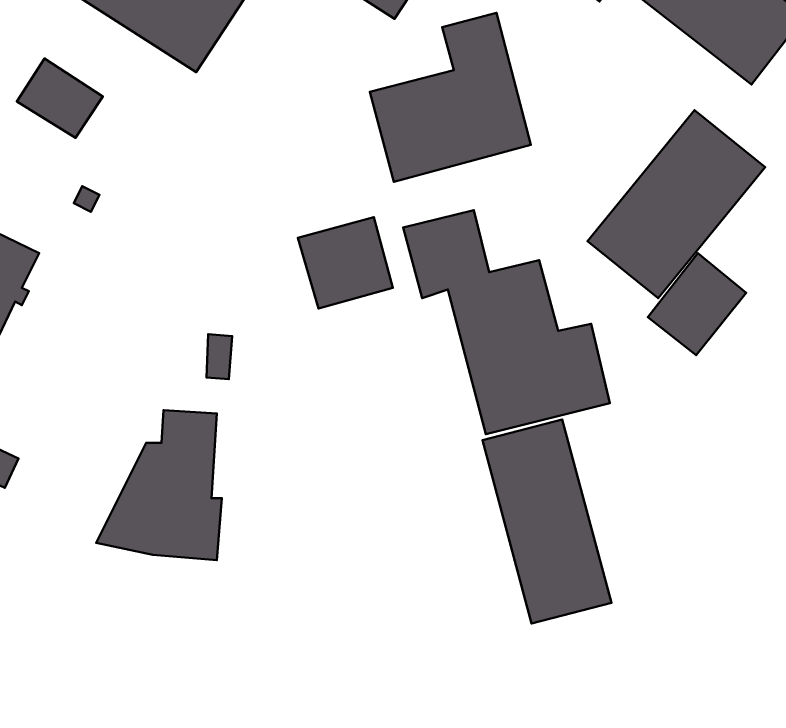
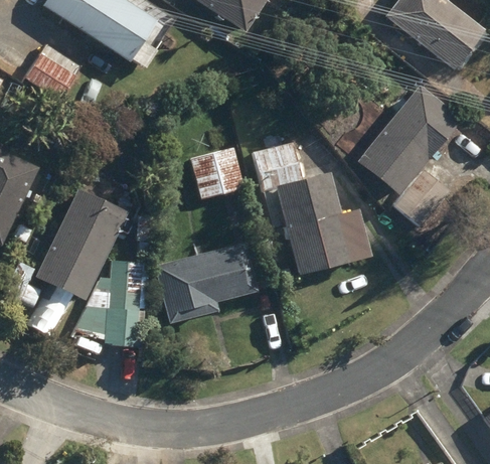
building: [370,13,531,182] -> none
building: none -> [35,187,128,299]
building: none -> [154,242,257,323]
building: [482,419,611,623] -> none

